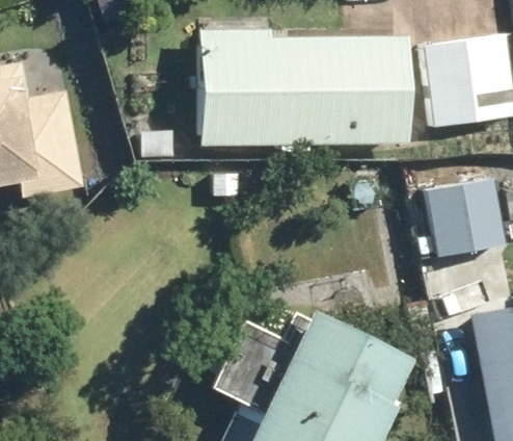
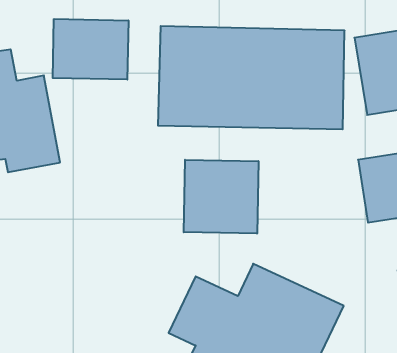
building: none -> [53,19,128,80]
building: none -> [184,160,258,234]

